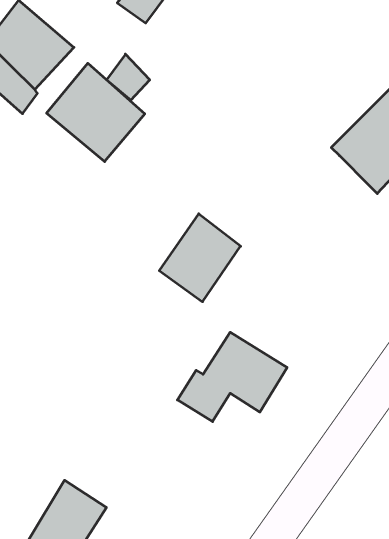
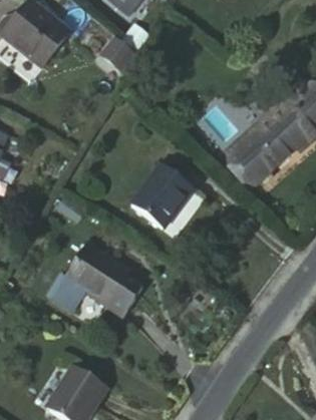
building: [47,63,145,162] -> none
building: none -> [232,117,294,181]
building: [177,332,287,422] -> [56,240,137,306]

